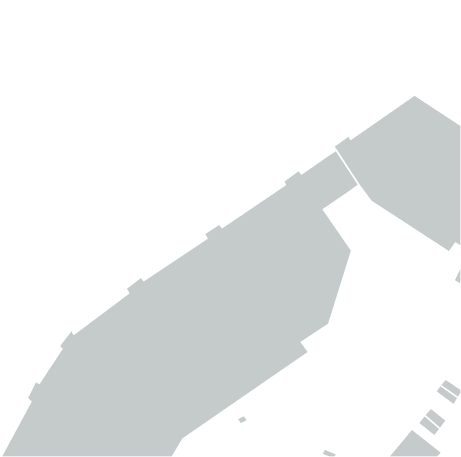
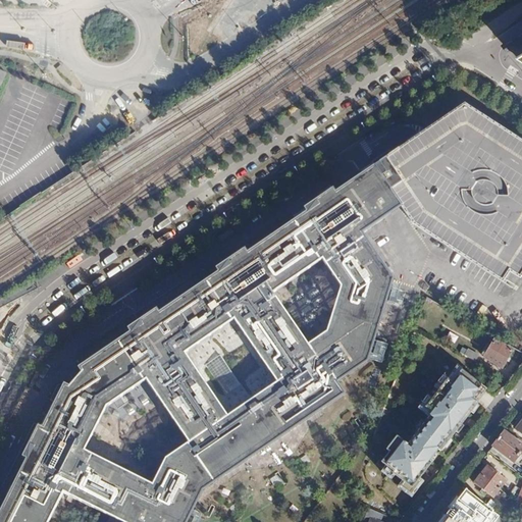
building: none -> [480,334,507,361]
building: none -> [374,365,479,482]

